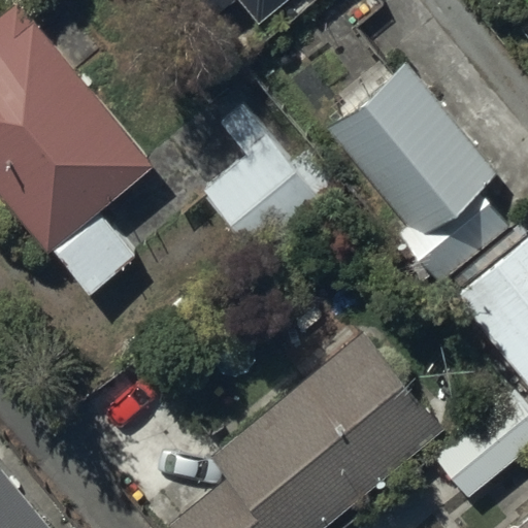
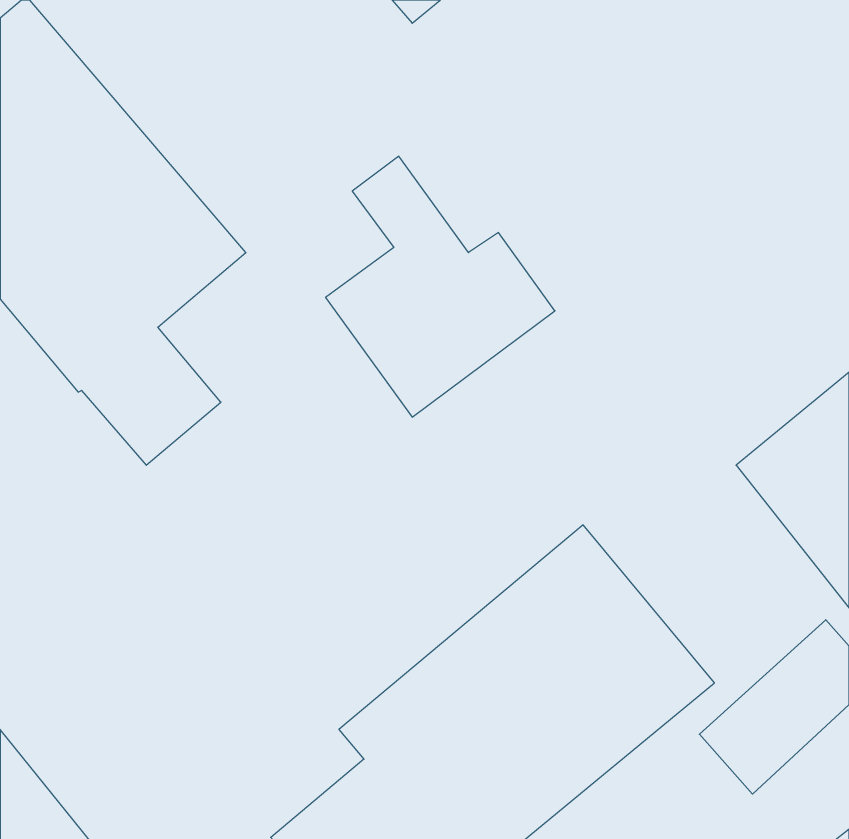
building: [326,64,513,282] -> none

